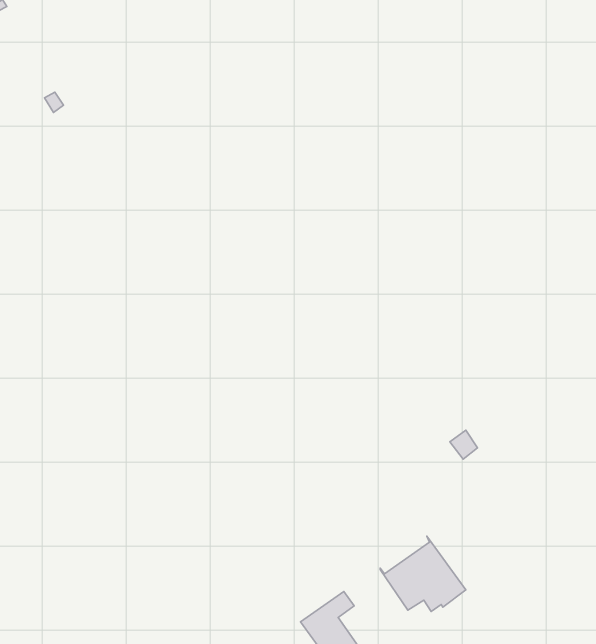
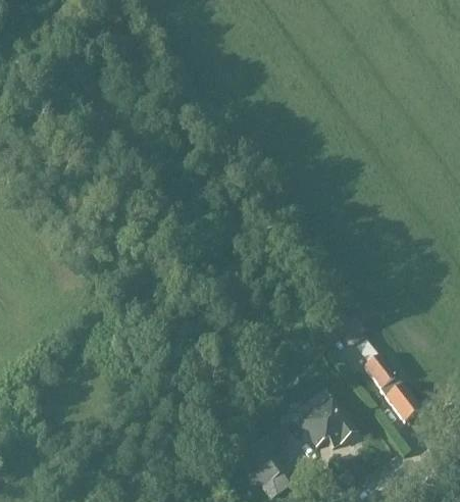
building: none -> [361,353,419,420]

